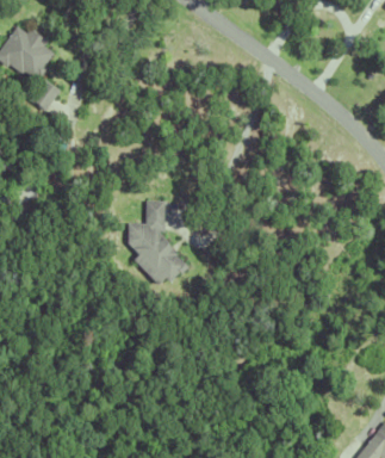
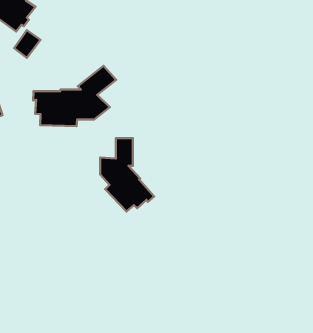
building: none -> [33,66,116,126]

